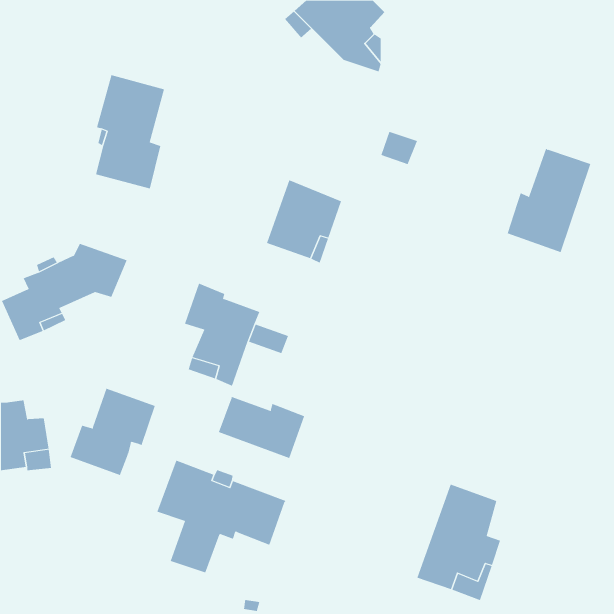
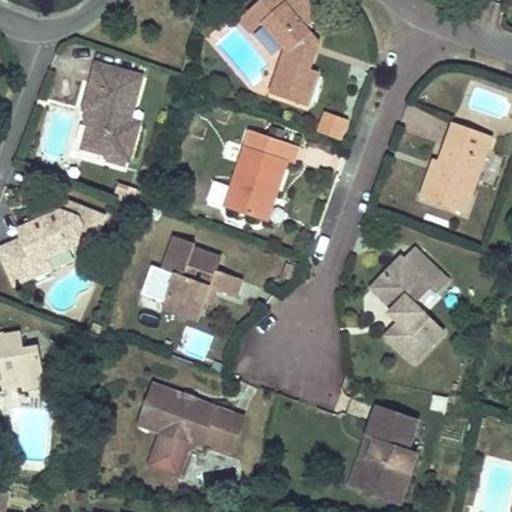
building: none -> [270,51,321,109]
building: none -> [241,125,298,168]
building: none -> [368,247,450,360]
building: [70,388,156,476] -> none
building: [218,396,305,459] -> none

